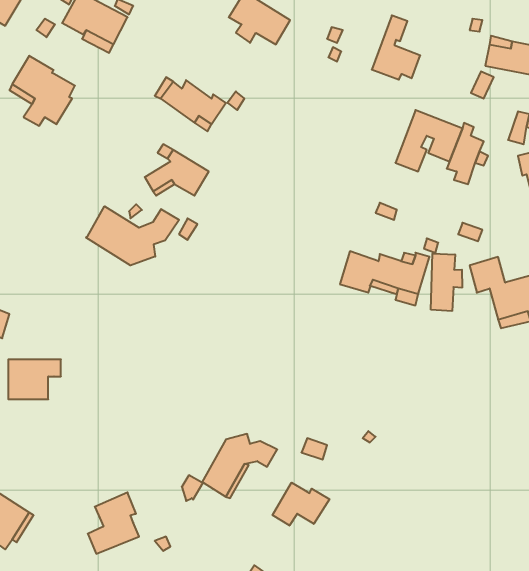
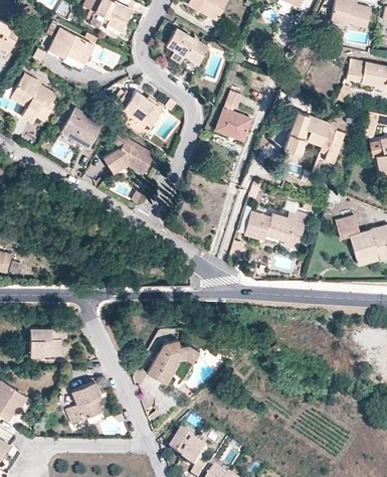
building: [372,15,420,80] -> [216,91,250,136]
building: none -> [60,108,103,147]
building: [86,206,179,265] -> none
building: [431,253,462,311] -> none
building: [8,359,61,399] -> [29,327,66,355]
building: [273,483,329,526] -> none

